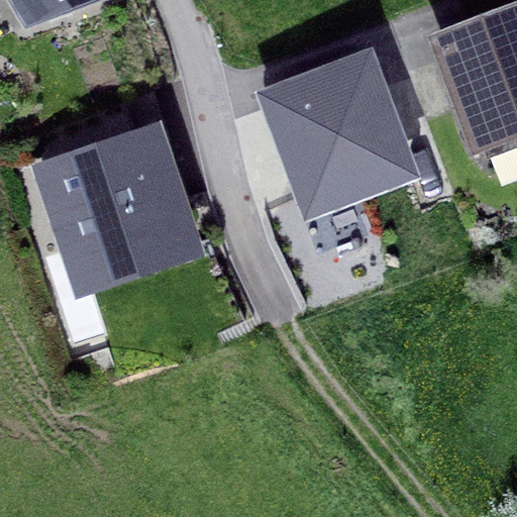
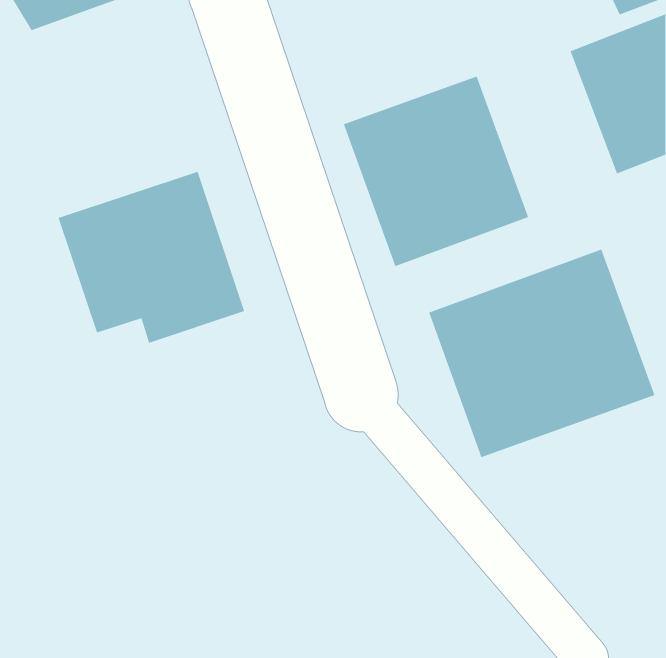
building: none -> [428,248,655,458]

